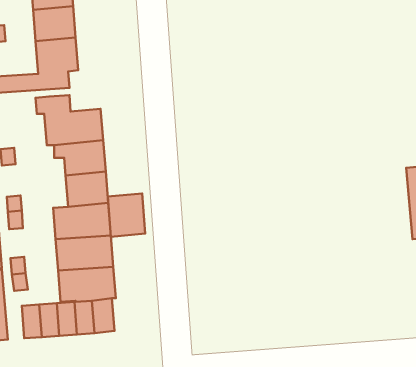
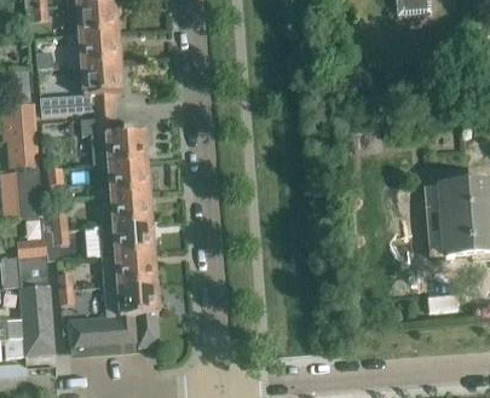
building: [108,193,145,237] -> none

